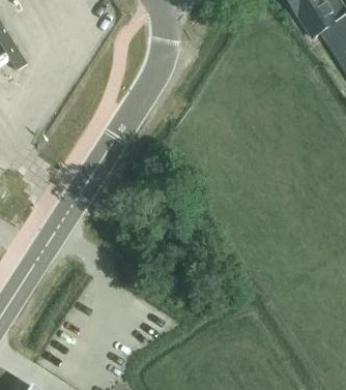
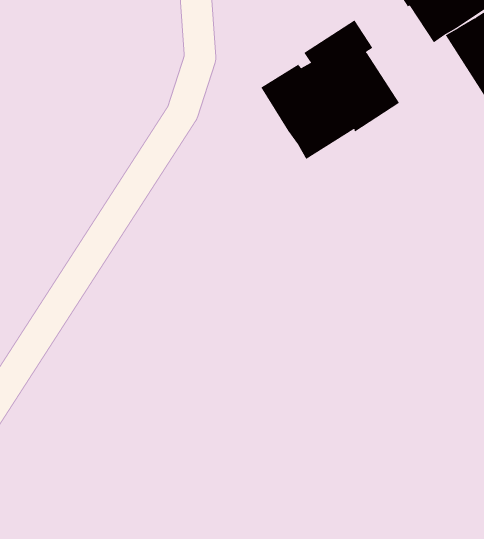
building: none -> [261,20,400,160]

